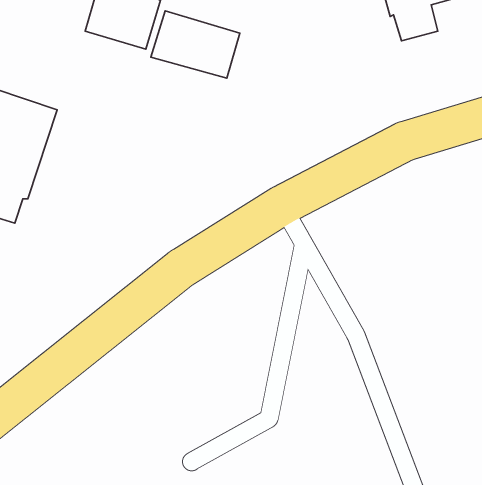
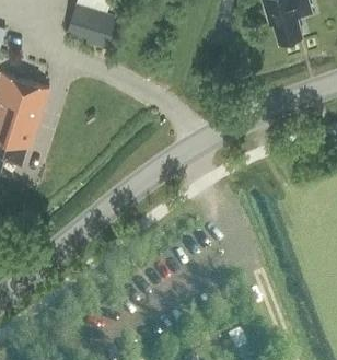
building: [151,11,240,78] -> none

